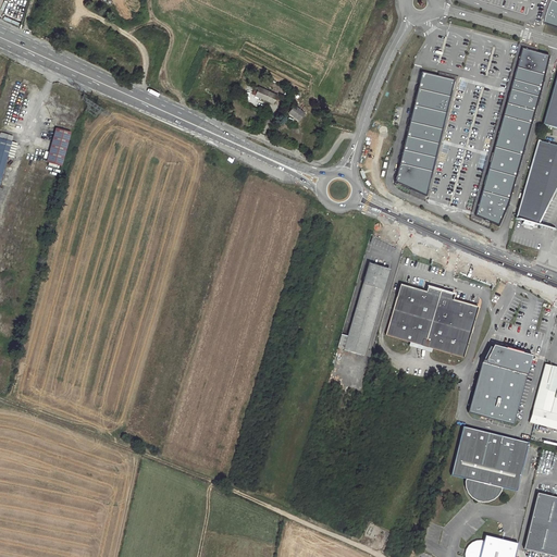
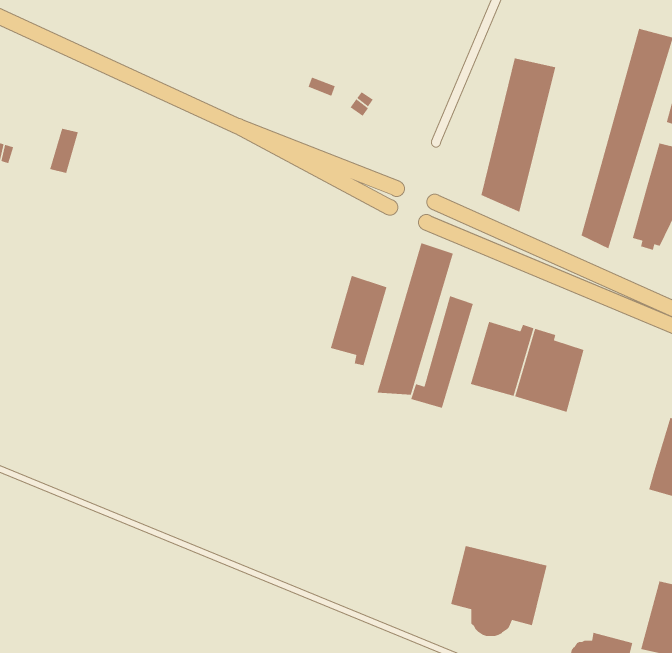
building: none -> [377,242,454,395]
building: none -> [330,275,388,366]
building: [469,343,534,423] -> none
building: [451,425,530,499] -> [450,545,547,637]

